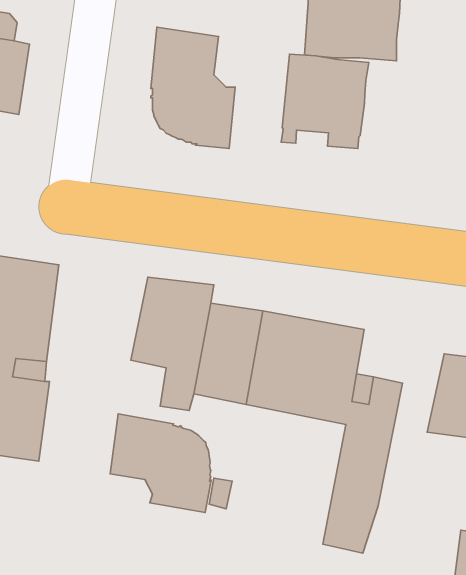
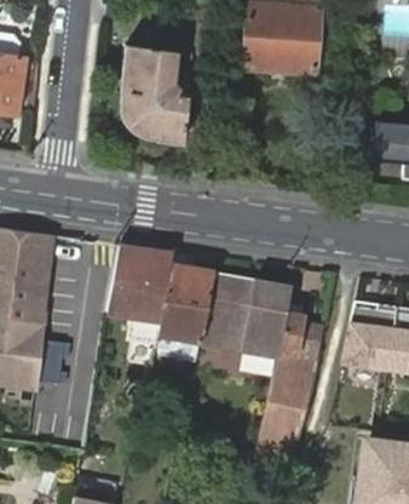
building: [281,54,369,149] -> none
building: [110,414,211,513] -> none

